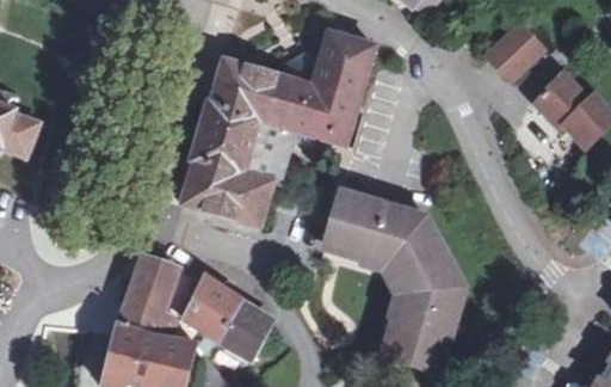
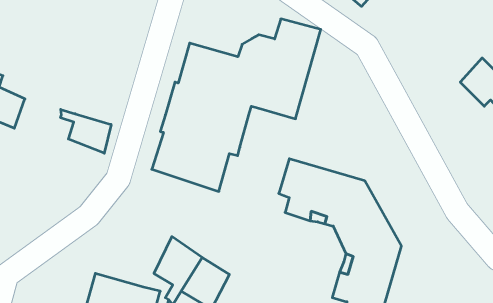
building: [487,23,542,79] -> none
building: none -> [61,109,111,153]
building: [117,256,195,336] -> none

